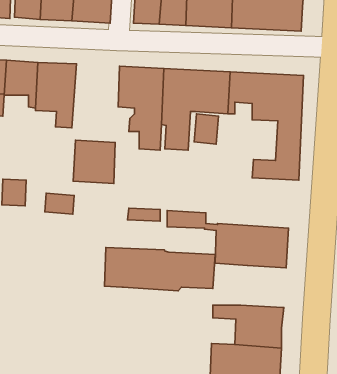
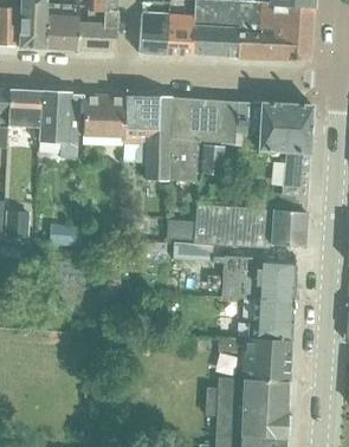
building: [73,140,115,183] -> [82,93,124,137]
building: [105,248,215,291] -> [194,205,306,248]
building: none -> [247,298,293,341]

